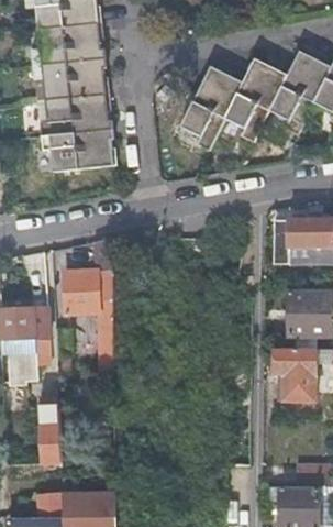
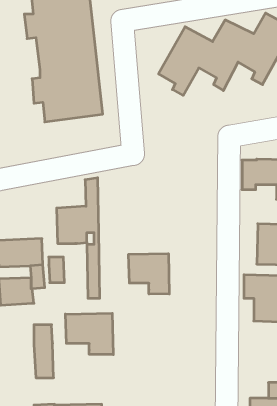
building: none -> [129,254,169,294]
building: none -> [65,313,113,355]

